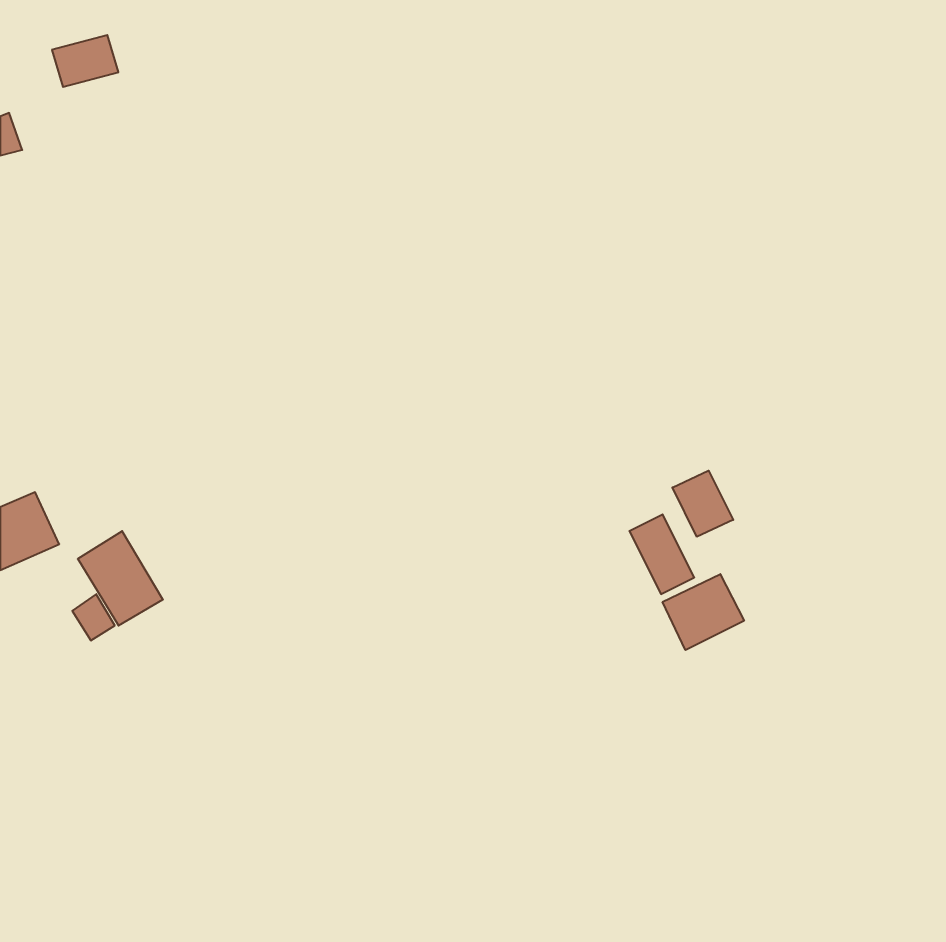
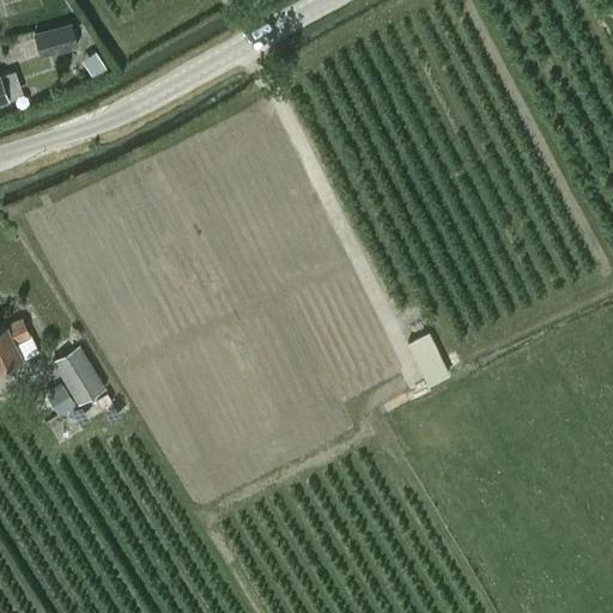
building: [672,471,733,537] -> none
building: [663,574,744,650] -> none

